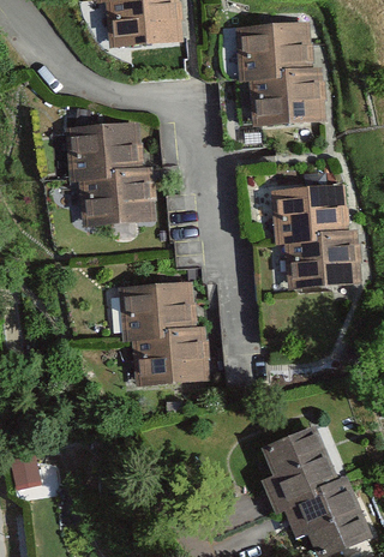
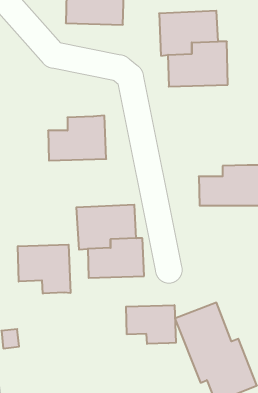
building: [60,122,142,186] -> none
building: [274,190,352,247] -> none
building: none -> [18,245,70,294]
building: none -> [126,305,176,344]

